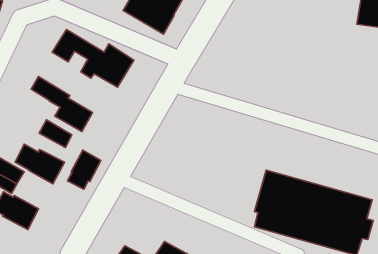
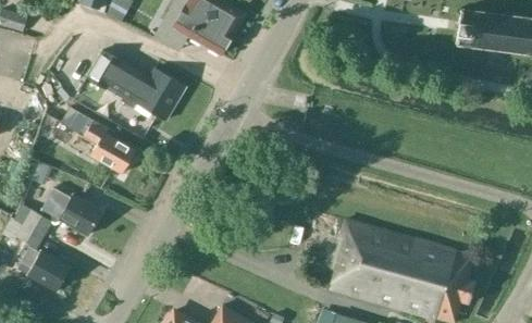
building: [39,120,72,147] -> none
building: [68,150,101,189] -> none

